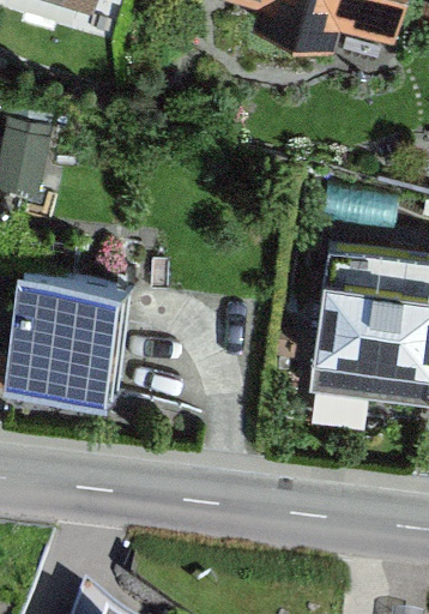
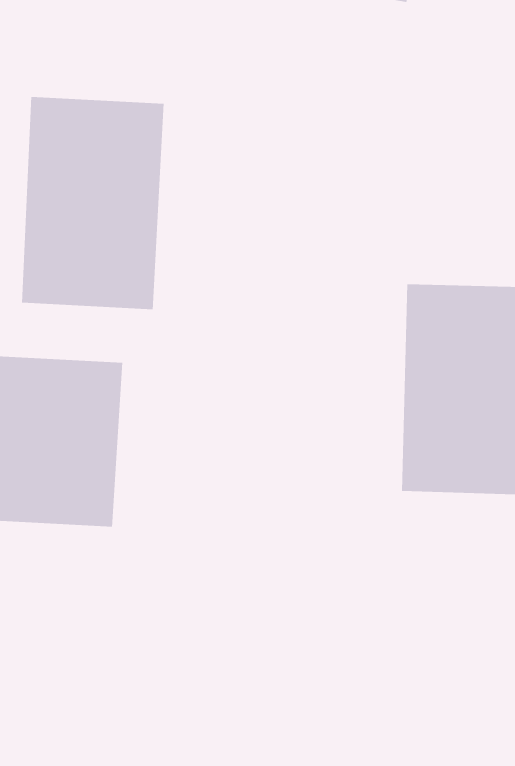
building: none -> [21,96,164,310]

